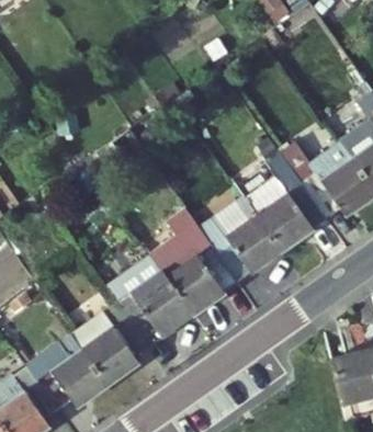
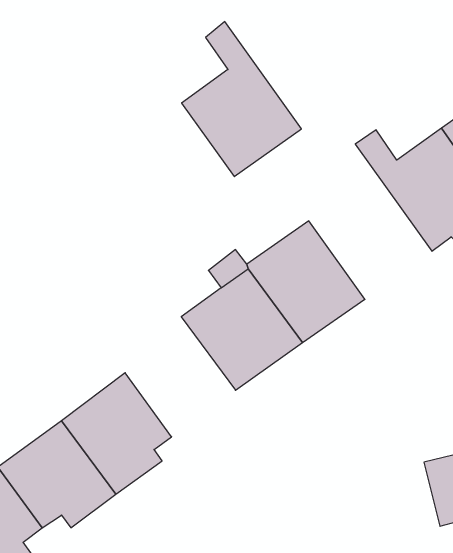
building: [246,143,328,249] -> [182,22,301,177]
building: [108,254,193,343] -> none

